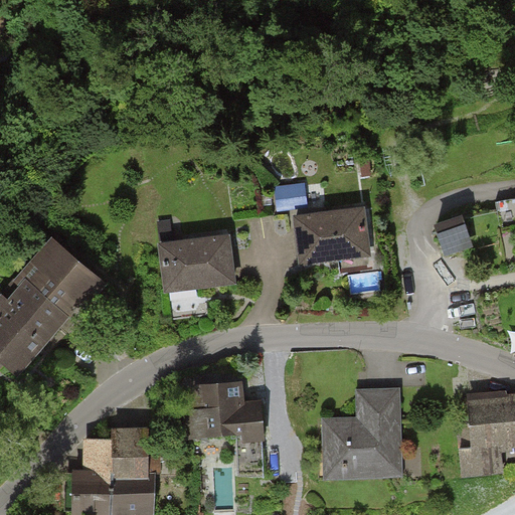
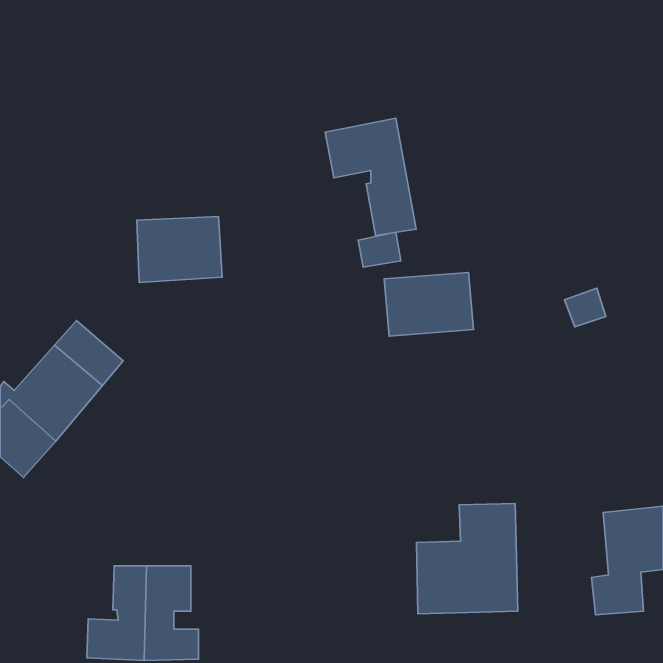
building: none -> [325,118,416,235]
building: [169,236,235,288] -> [137,216,222,283]
building: [188,382,265,474] -> none

